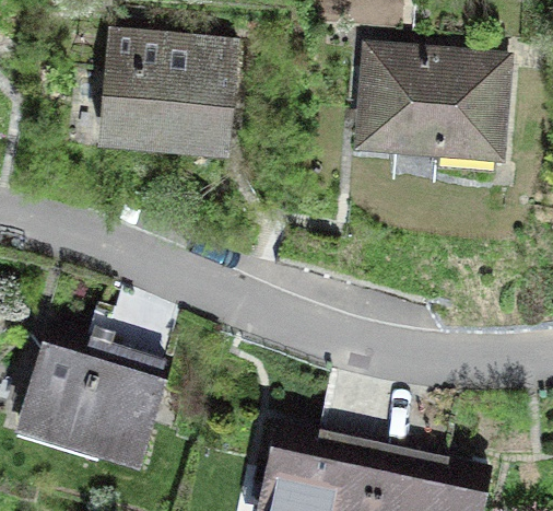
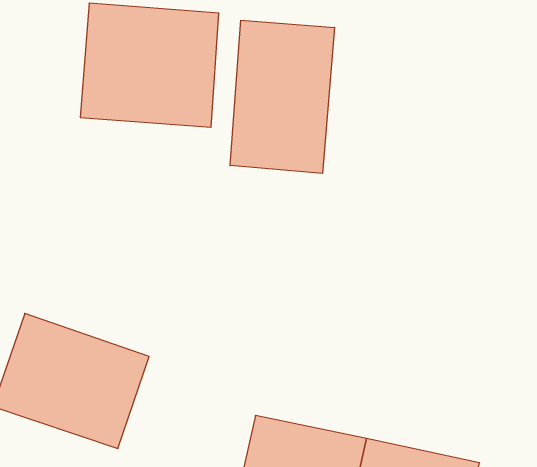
building: [354,43,511,158] -> none
building: none -> [230,20,335,173]

